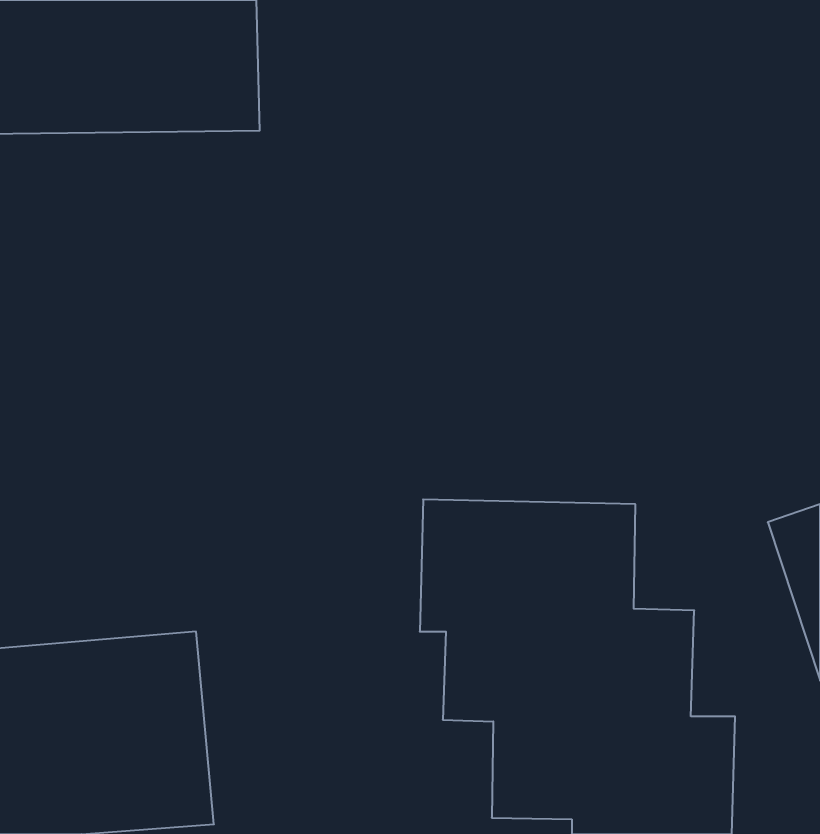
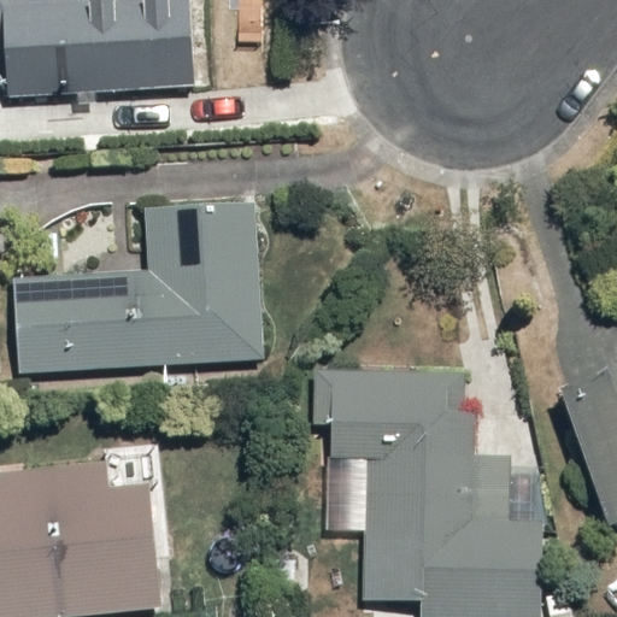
building: none -> [13,198,264,374]

